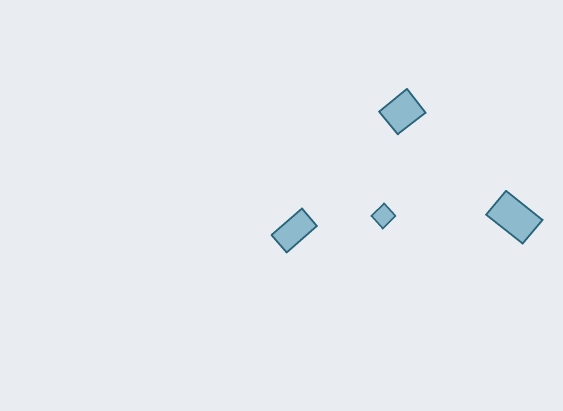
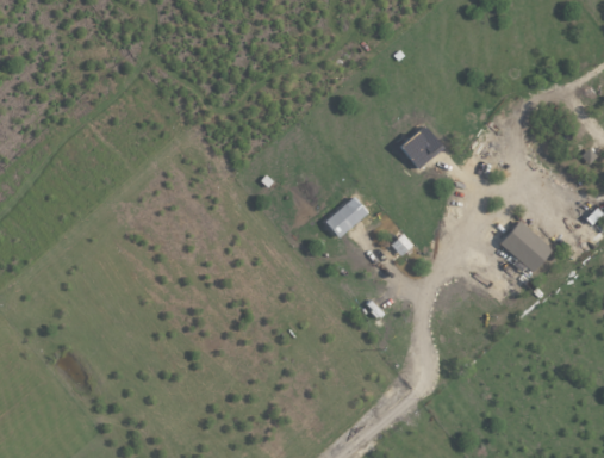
building: [272,208,317,252] -> [325,196,368,237]

